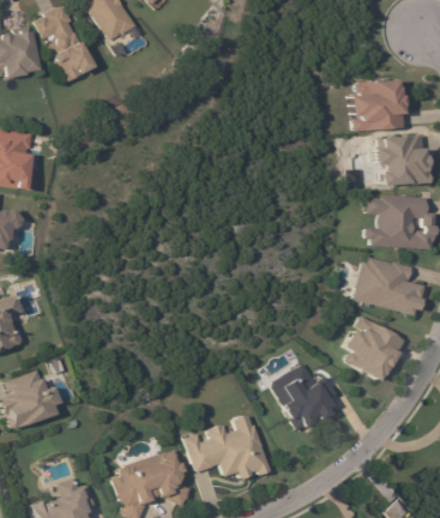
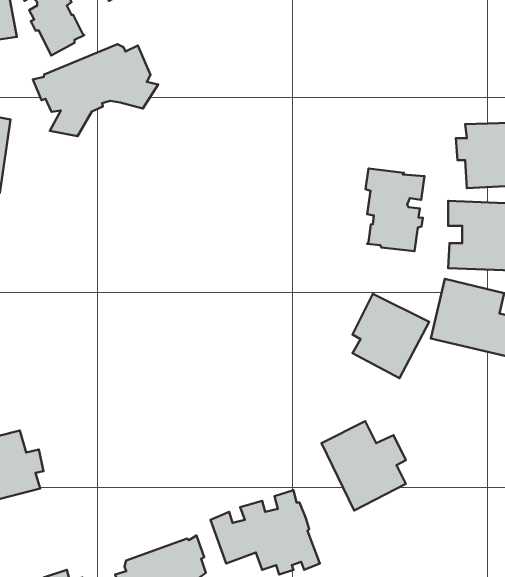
building: none -> [33,44,158,136]
building: [351,79,402,130] -> none
building: none -> [365,169,424,251]
building: [345,315,404,380] -> [353,294,429,378]

